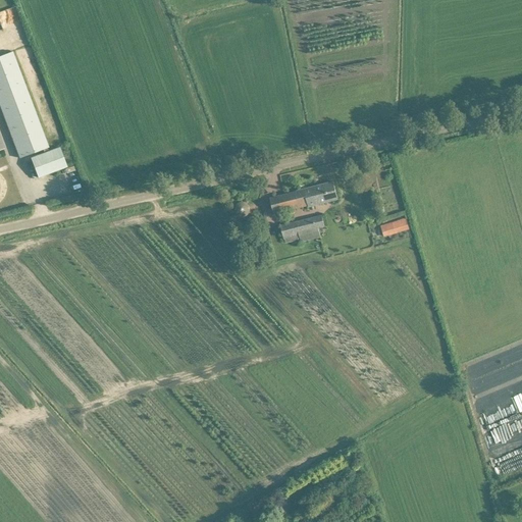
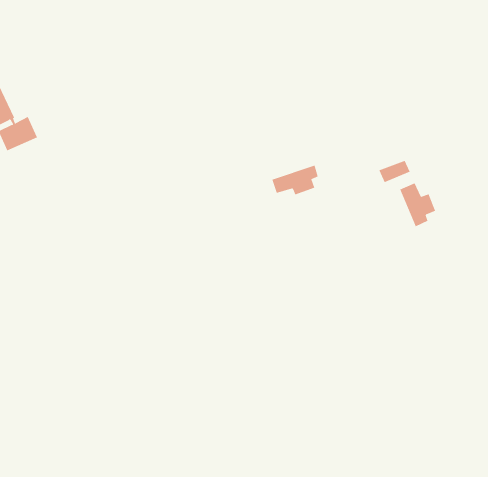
building: [270,180,337,213] -> none
building: none -> [400,183,436,227]

